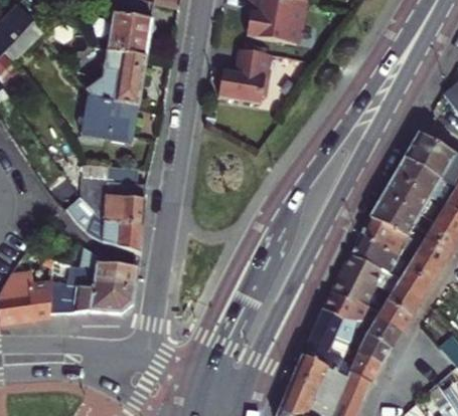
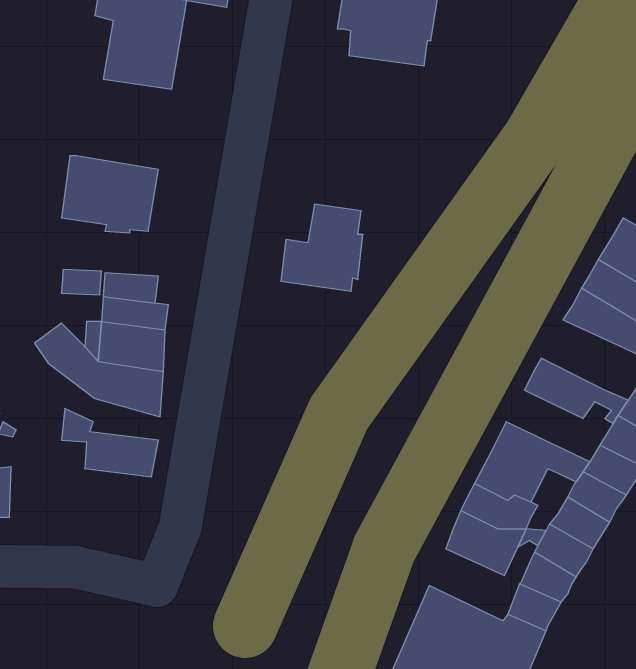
building: [82,48,147,105] -> none
building: [232,51,281,103] -> [281,204,363,291]
building: [369,195,422,237] -> none
building: [348,237,413,280] -> none
building: [49,266,135,315] -> none
building: [302,333,351,376] -> none

